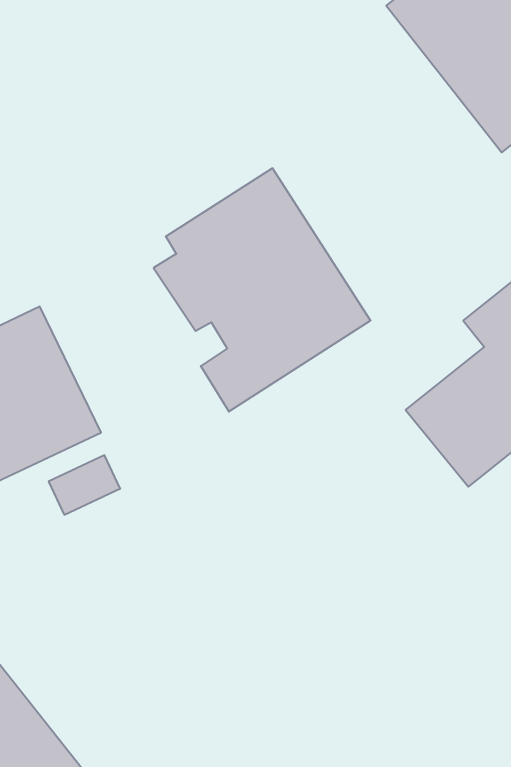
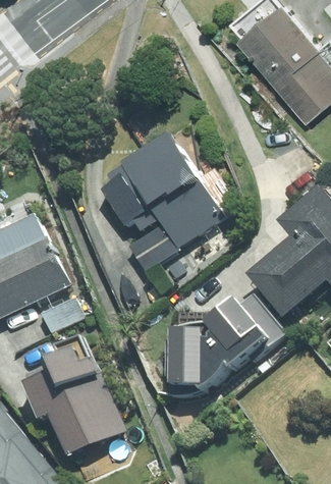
building: none -> [163,293,284,401]
building: none -> [21,341,123,455]

